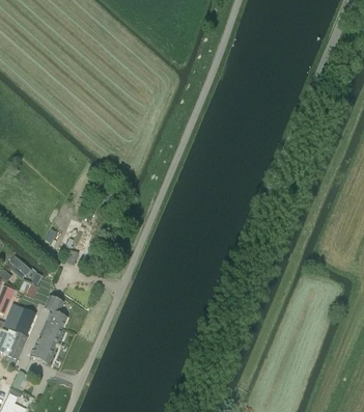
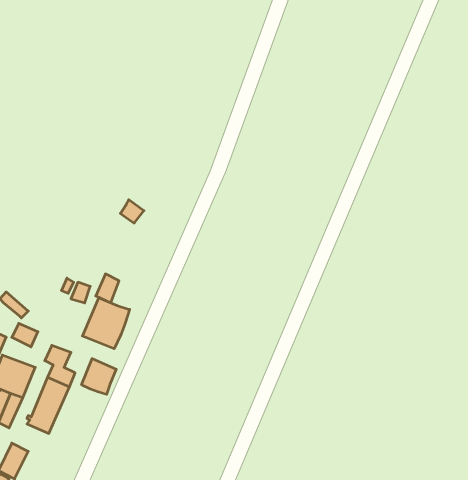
building: none -> [82,298,130,349]
building: none -> [82,359,116,394]

